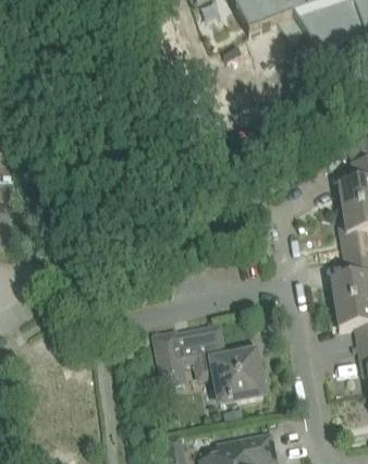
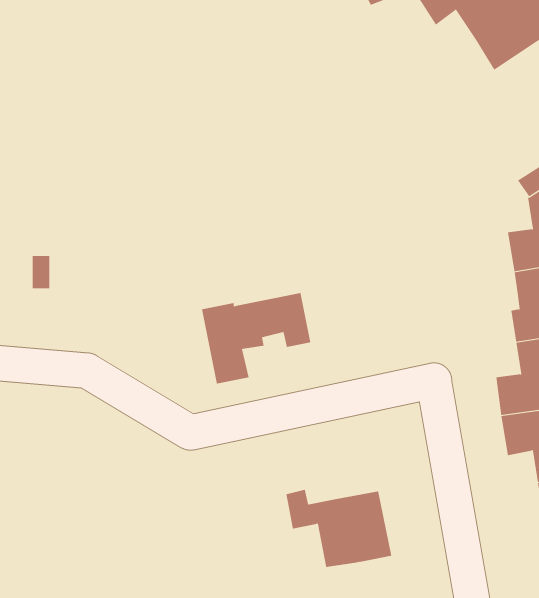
building: [154,325,225,384] -> [201,292,311,384]

